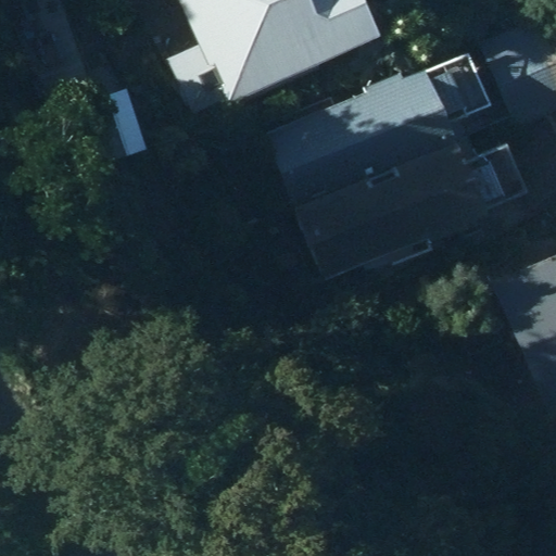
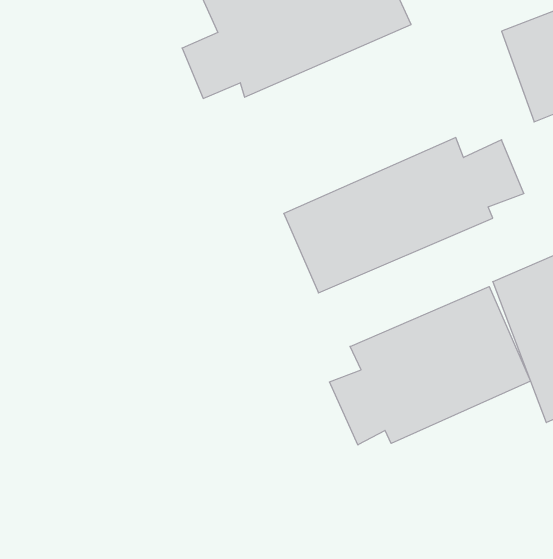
building: [264,50,484,207] -> none
building: none -> [329,287,530,445]

